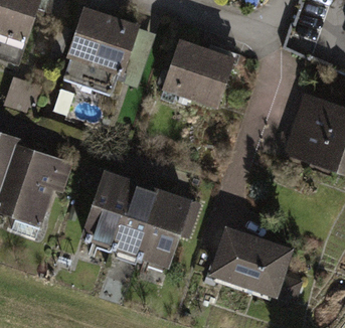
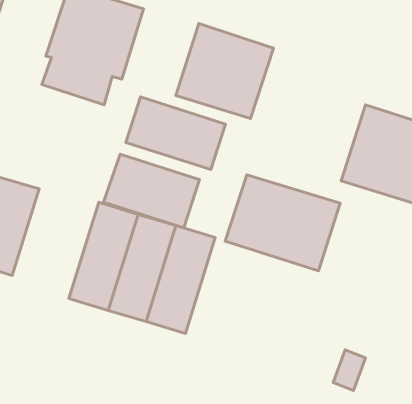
building: none -> [126,97,226,170]
building: none -> [103,154,200,228]
building: [209,227,295,299] -> [225,175,340,271]

